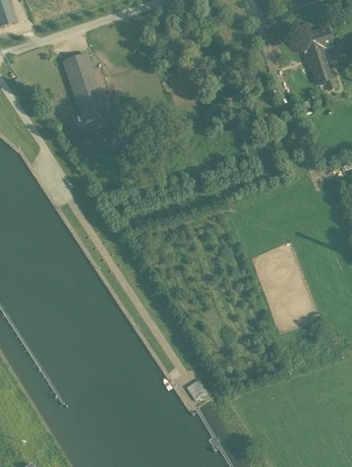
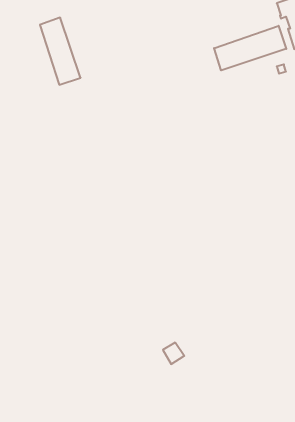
building: none -> [214,26,286,70]

